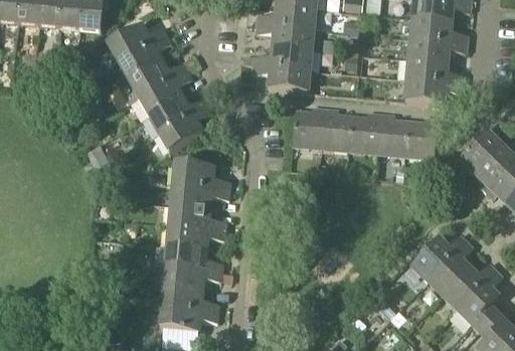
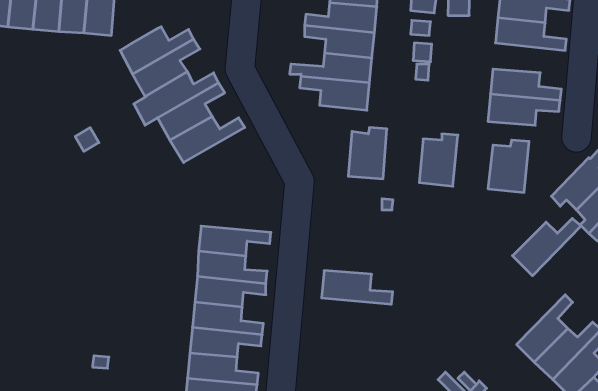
building: [408,37,467,61] -> none
building: [159,106,212,153] -> none
building: [320,107,352,150] -> none
building: [376,112,408,155] -> none
building: [173,163,230,190] -> [322,271,393,304]
building: [411,234,467,281] -> [512,218,581,276]

